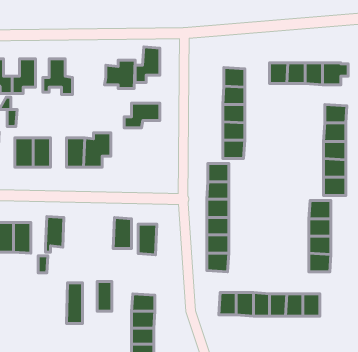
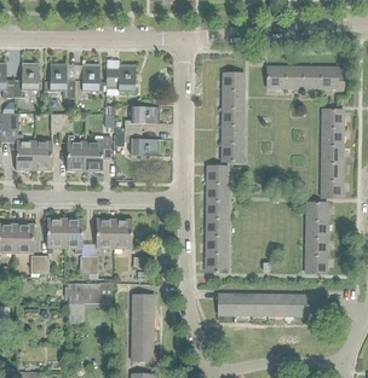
building: [135,47,160,83] -> [74,63,98,98]
building: none -> [125,130,159,155]
building: none -> [64,219,82,252]
building: [138,224,157,255] -> [97,219,115,249]

